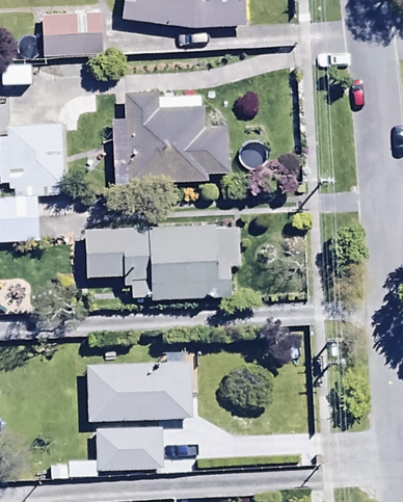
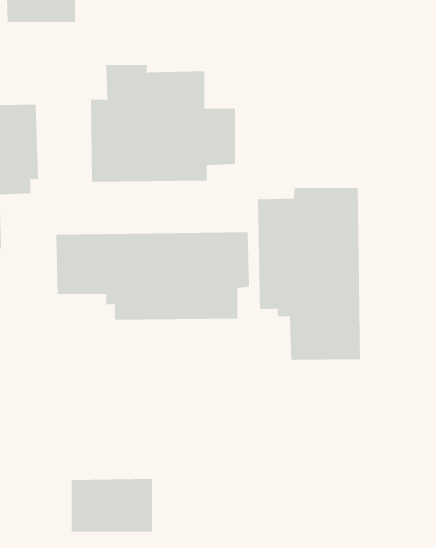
building: none -> [258,187,361,360]
building: [85,362,198,420] -> none

